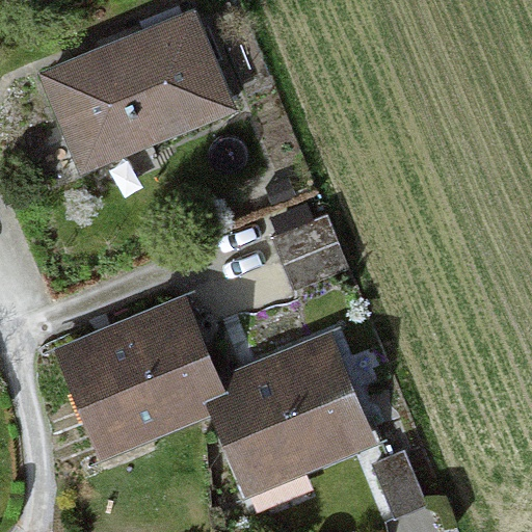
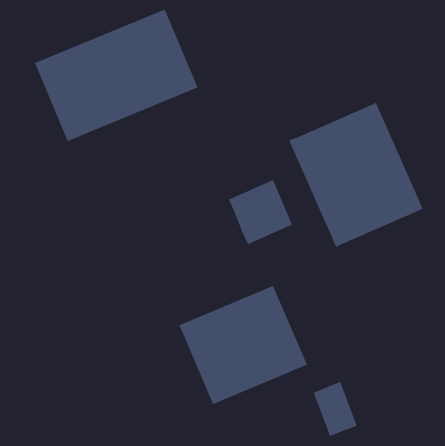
building: none -> [289,102,423,247]
building: [65,304,217,446] -> none

